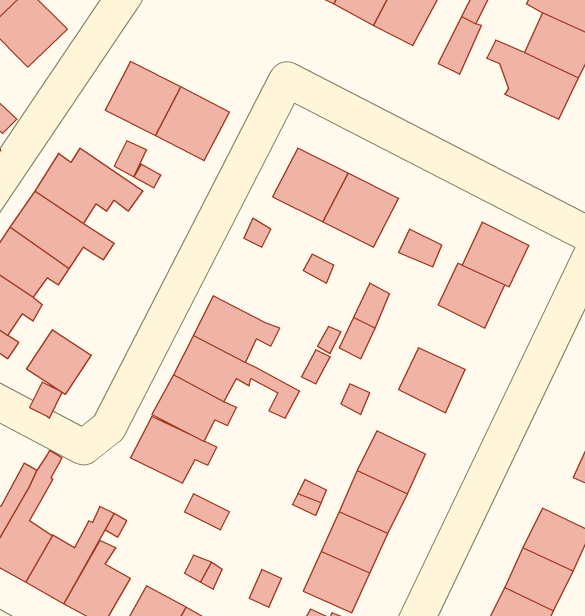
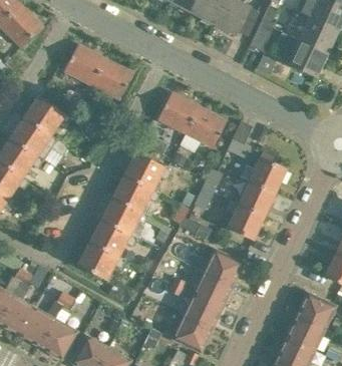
building: [462,222,529,287] -> [238,179,275,216]
building: none -> [123,152,170,190]
building: [26,330,91,394] -> none

